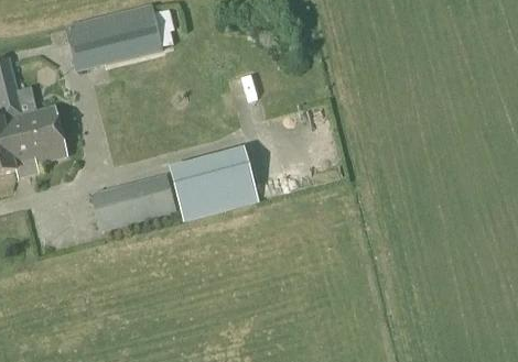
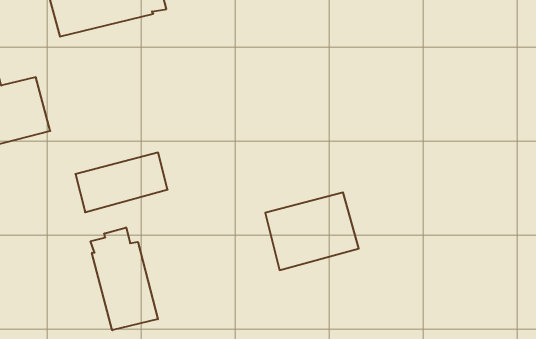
building: [171,147,257,219] -> [265,192,359,270]
building: none -> [91,227,158,330]

